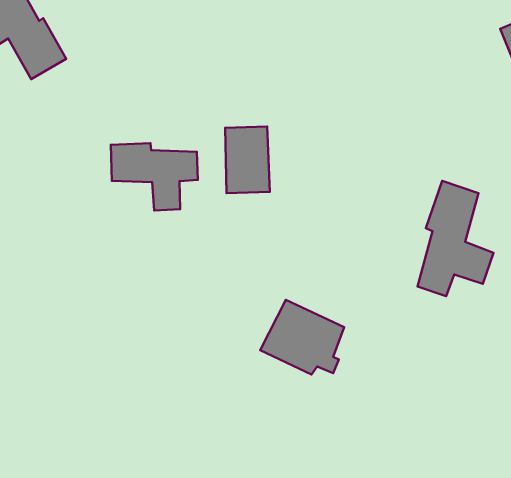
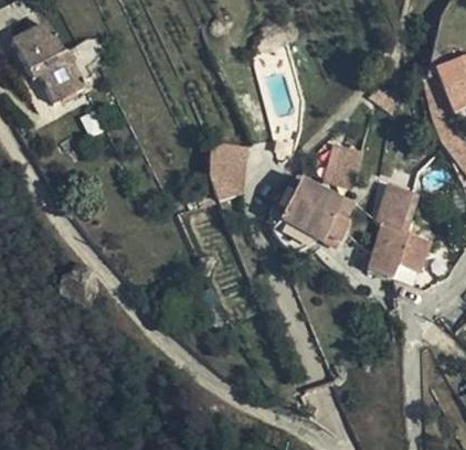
building: [111,143,198,210] -> none
building: [260,300,344,375] -> [278,183,347,244]

